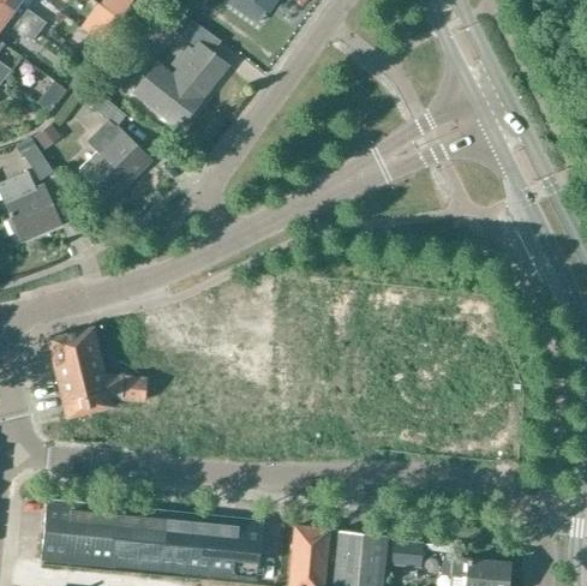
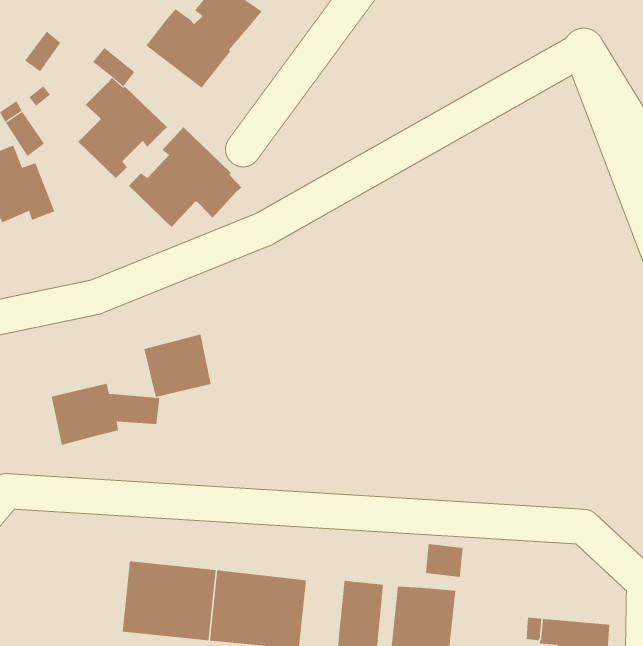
building: none -> [128,127,242,228]
building: [48,325,103,377] -> [143,334,212,398]
building: [43,503,121,568] -> none
building: [394,539,425,567] -> [425,544,463,578]

